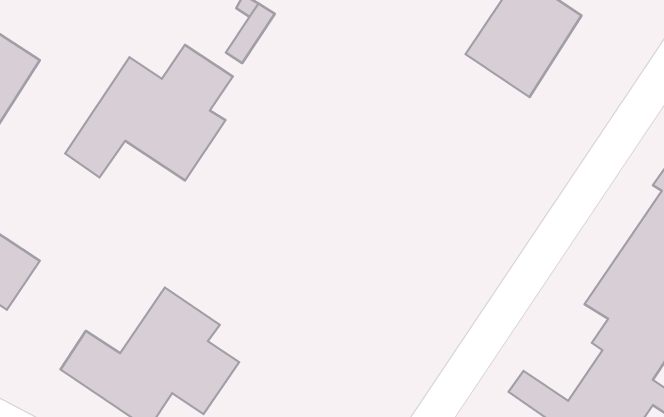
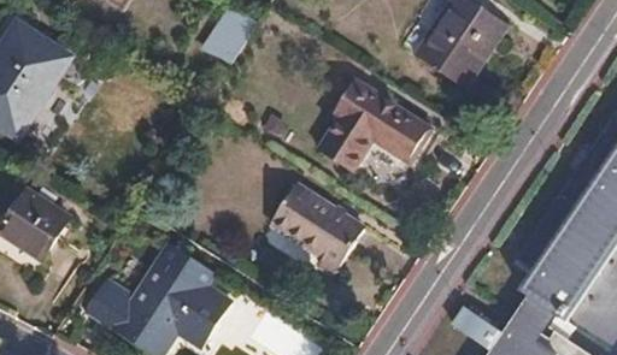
building: [65,45,233,181] -> none
building: none -> [318,82,431,173]
building: none -> [272,188,363,274]

